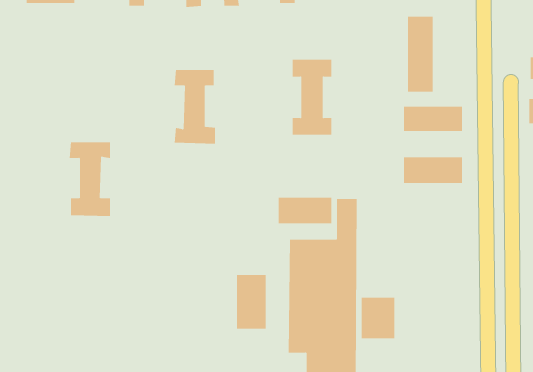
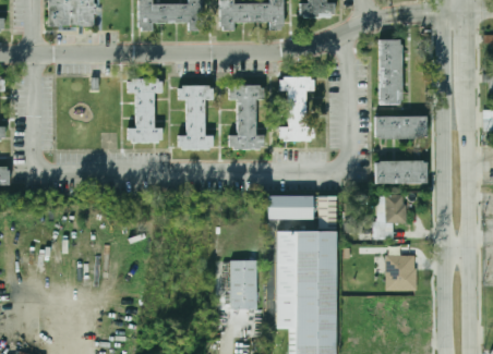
building: none -> [228,85,264,149]
building: [69,142,111,217] -> [127,78,163,143]
building: none -> [374,195,406,239]
building: [361,297,395,339] -> [386,255,416,291]

